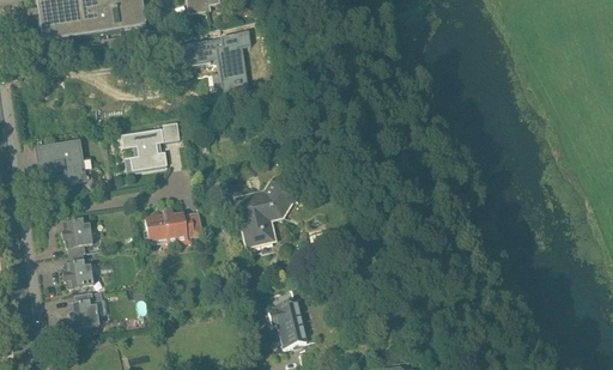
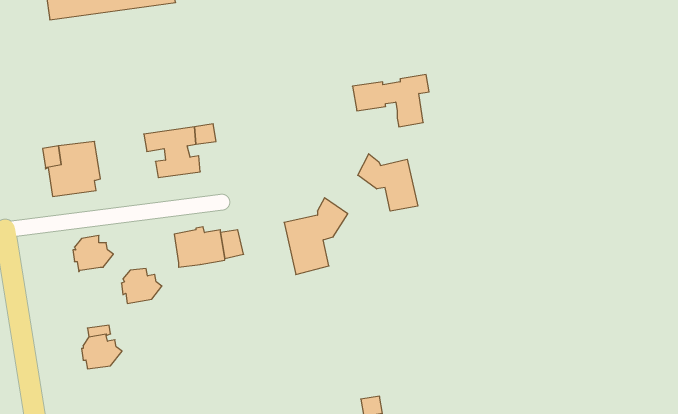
building: [181,37,244,80] -> [352,75,429,127]
building: none -> [358,154,418,211]
building: [62,259,96,287] -> [121,269,162,303]
building: [268,301,306,347] -> none

